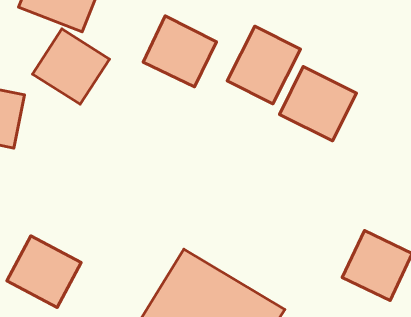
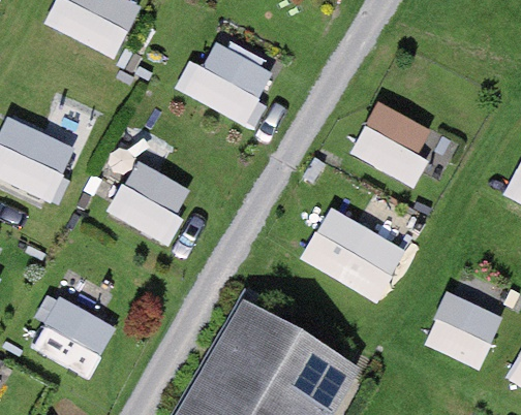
building: [227,26,300,104] -> none
building: [32,29,109,104] -> [105,157,195,245]
building: none -> [299,204,407,301]

